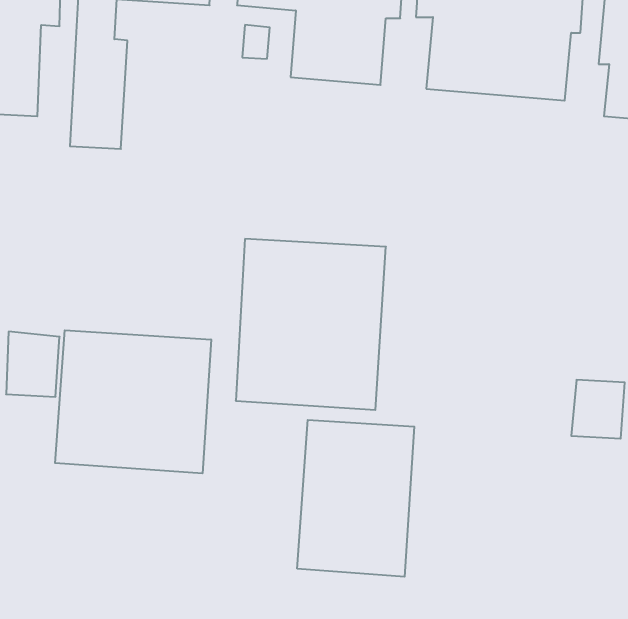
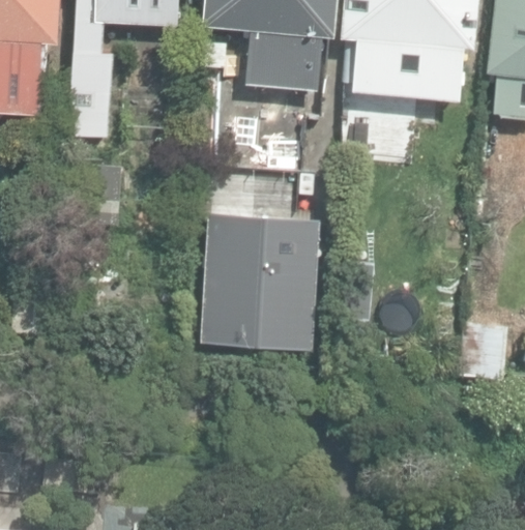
building: [55,330,211,473] -> none
building: [297,420,414,577] -> none

